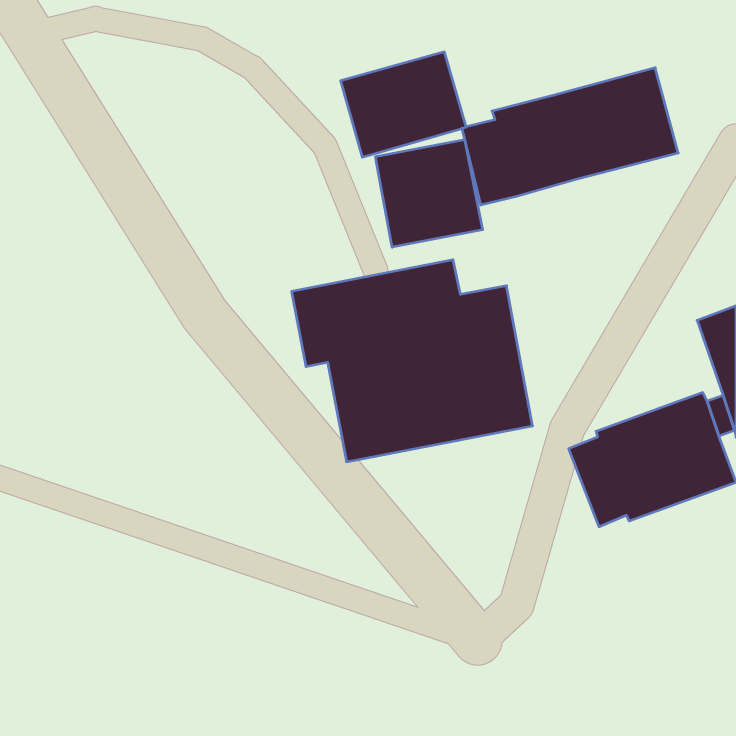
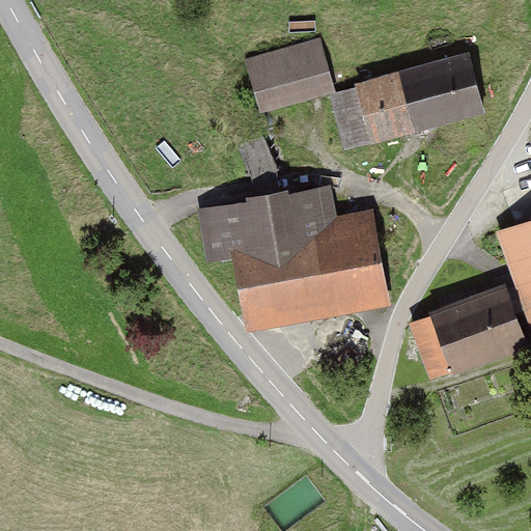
building: [376,140,483,247] -> none

